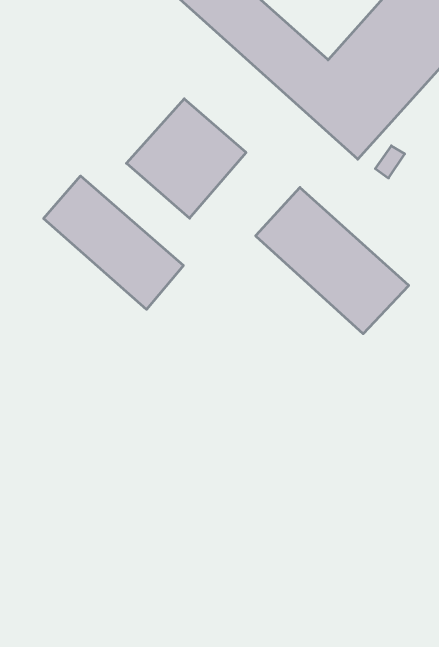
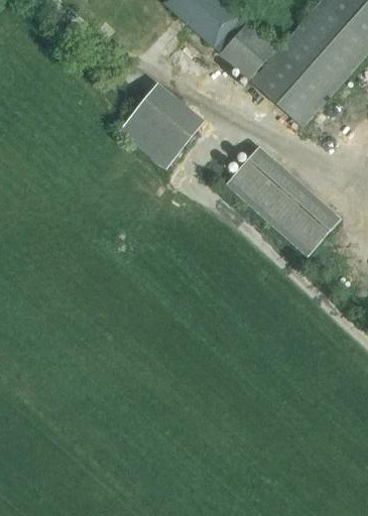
building: [44,176,183,309] -> none

